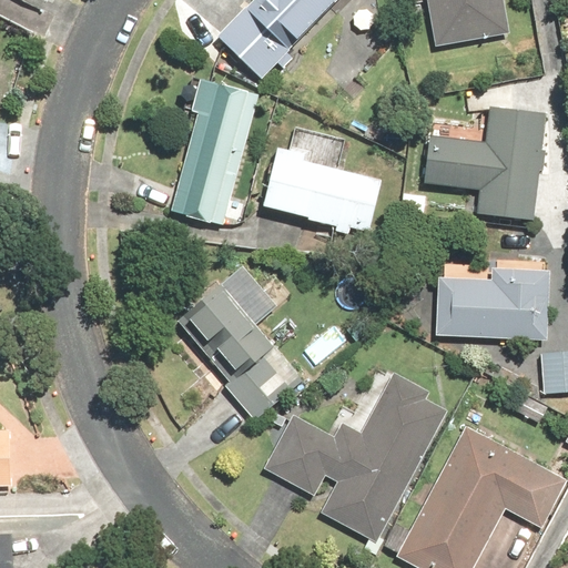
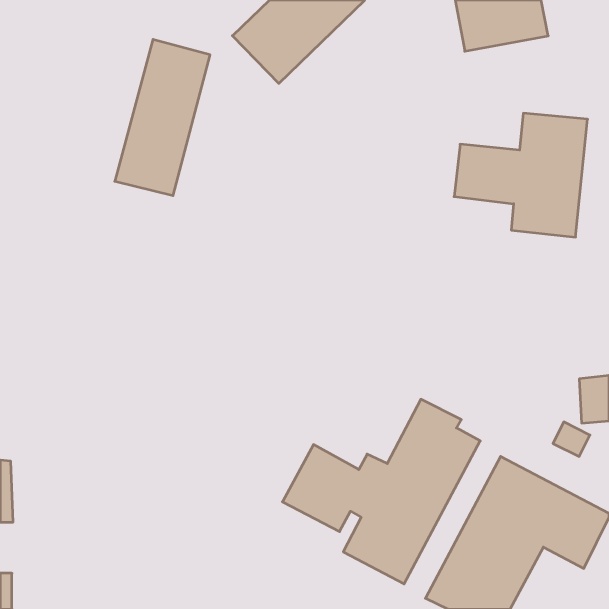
building: [169,79,257,224] -> [115,39,210,196]
building: [261,153,383,232] -> none
building: [434,268,550,341] -> none
building: [175,283,303,422] -> none

